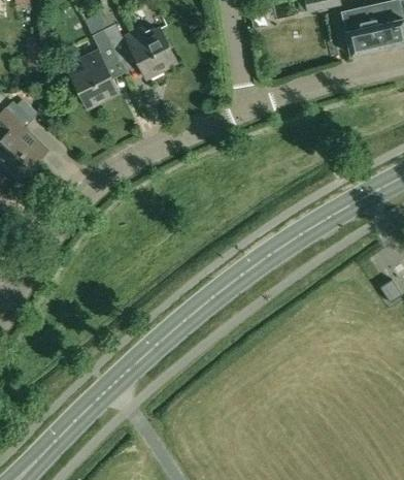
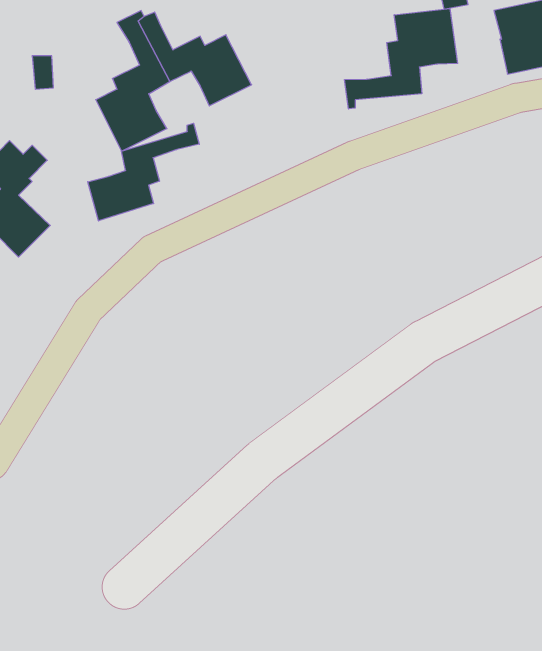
building: none -> [345,8,458,109]
building: none -> [88,123,199,221]

